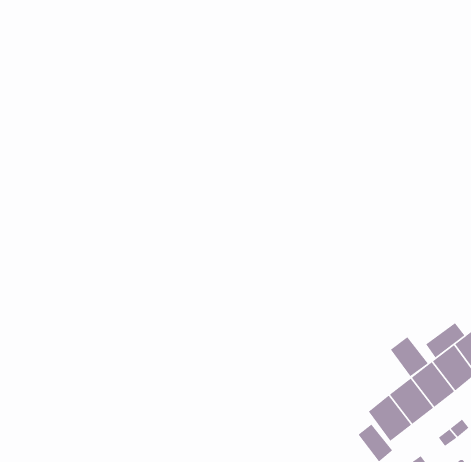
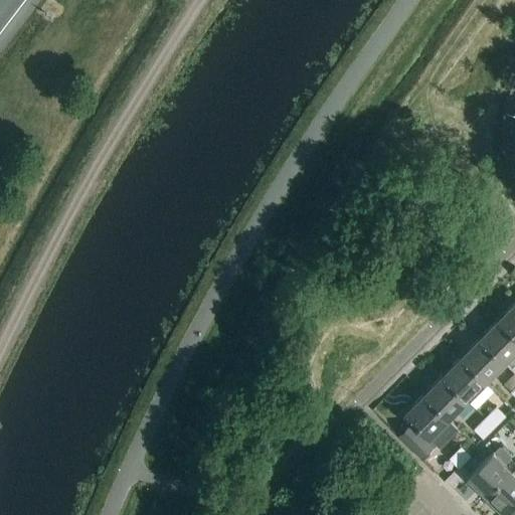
building: [425,322,465,359] -> none
building: [390,336,429,377] -> none

